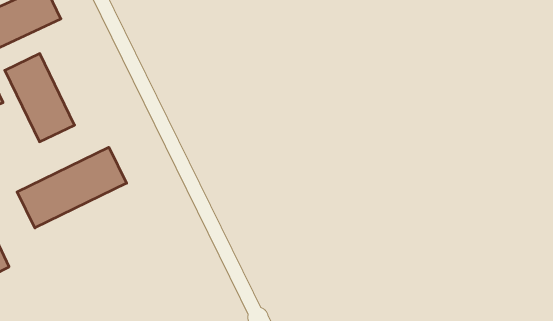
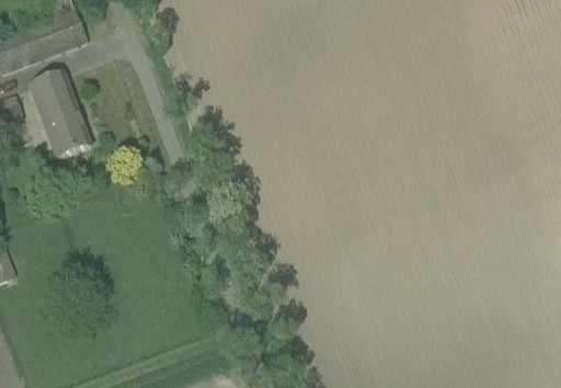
building: [17,147,127,228] -> none

